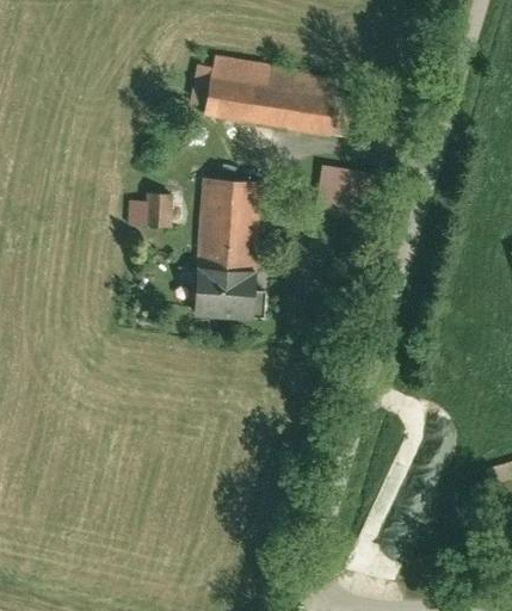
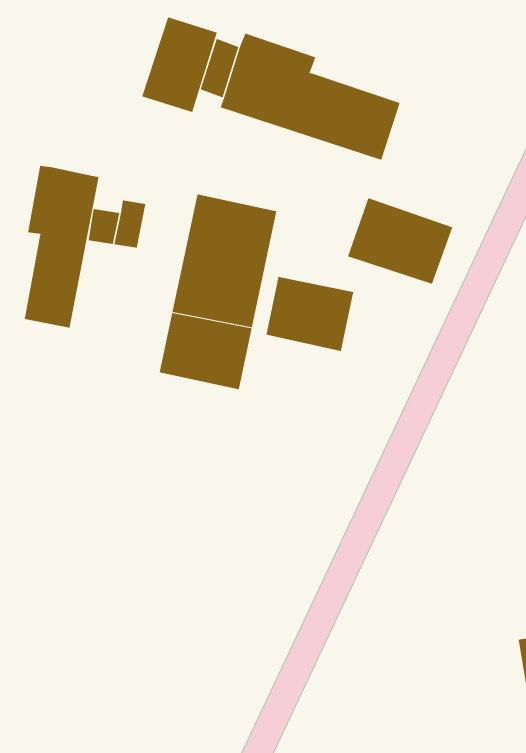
building: none -> [142,16,218,113]
building: none -> [24,165,99,328]
building: none -> [266,276,354,352]

